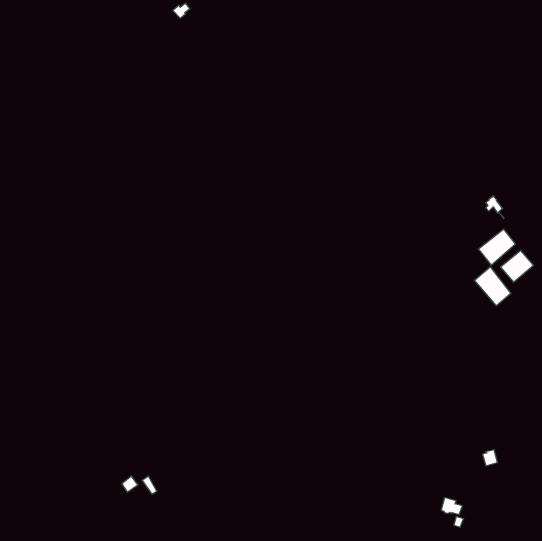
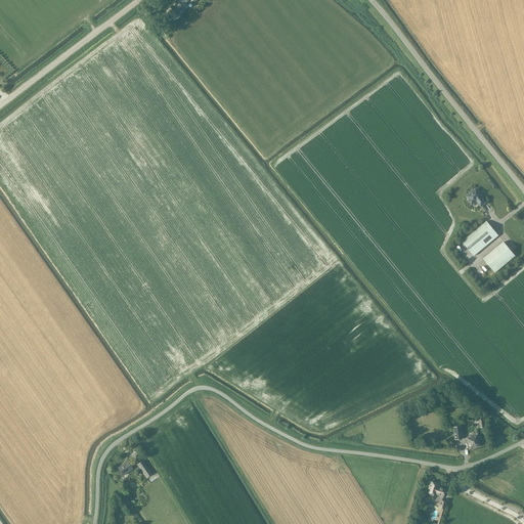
building: [475,267,511,306] -> none

